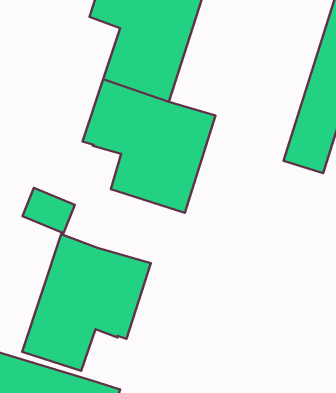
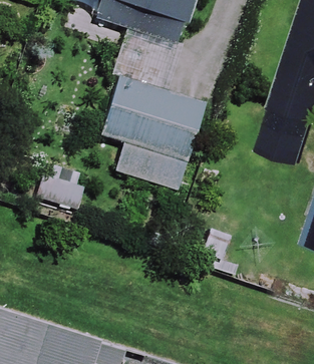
building: [22,234,151,371] -> none

